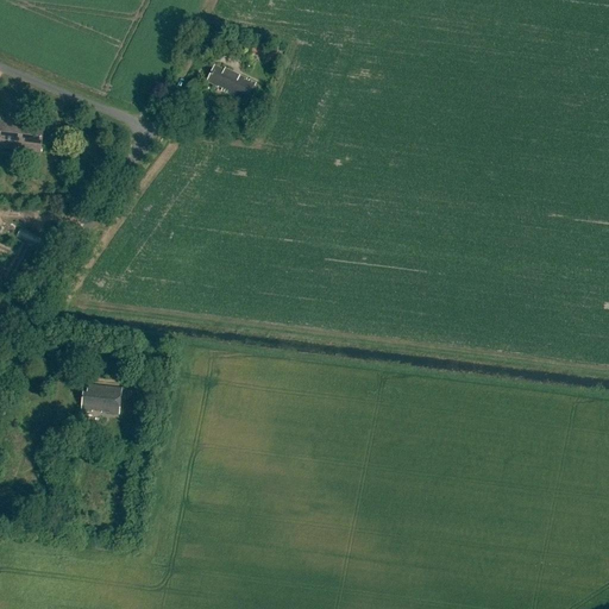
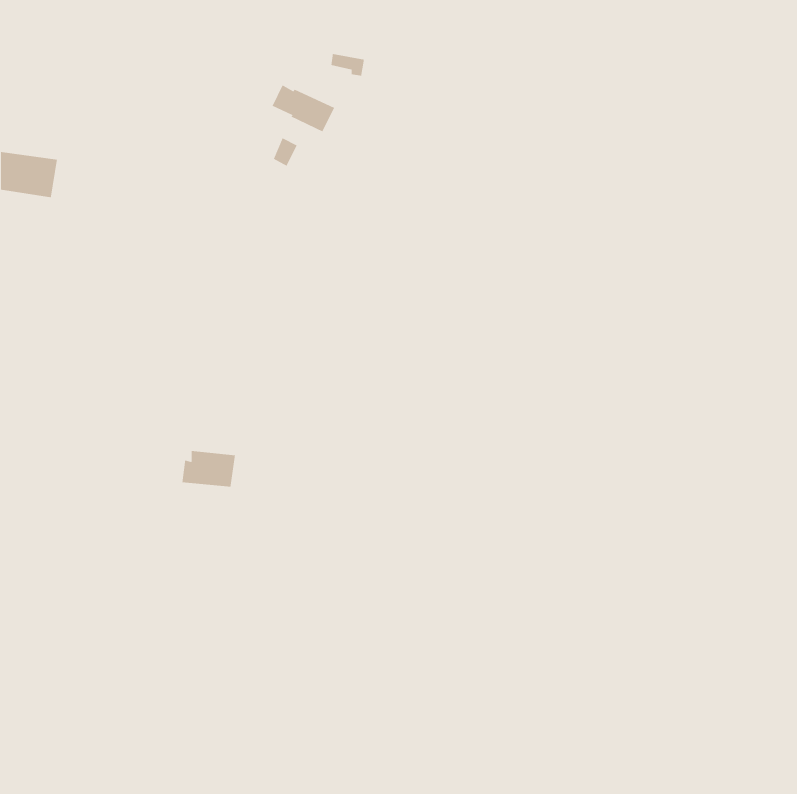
building: [80,384,121,413] -> [181,450,236,488]

